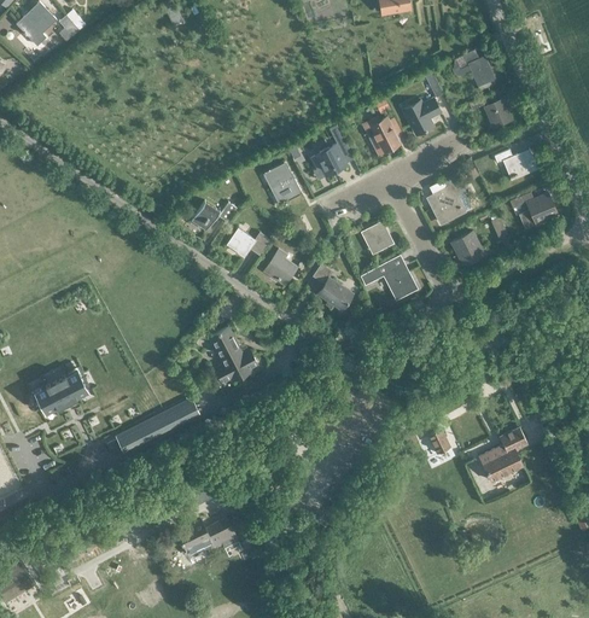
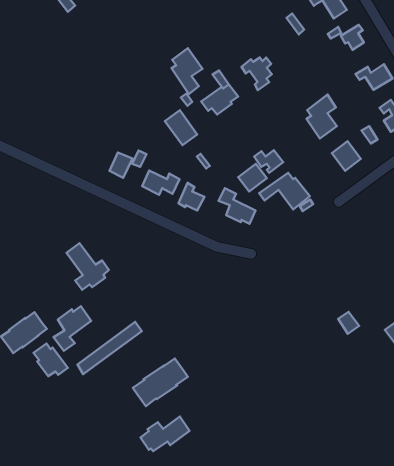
building: none -> [172,48,202,94]
building: [403,99,441,135] -> none
building: none -> [238,164,267,192]
building: [210,328,256,383] -> [67,243,109,290]
building: none -> [54,306,91,351]
building: none -> [33,344,68,376]
building: none -> [133,358,188,406]

